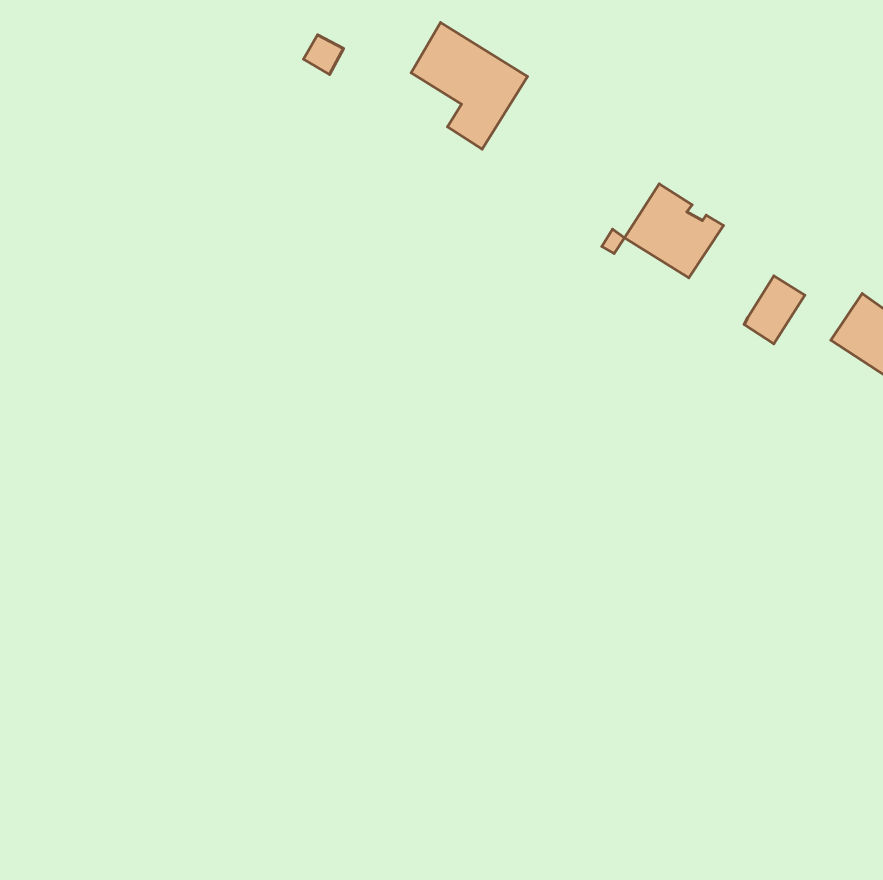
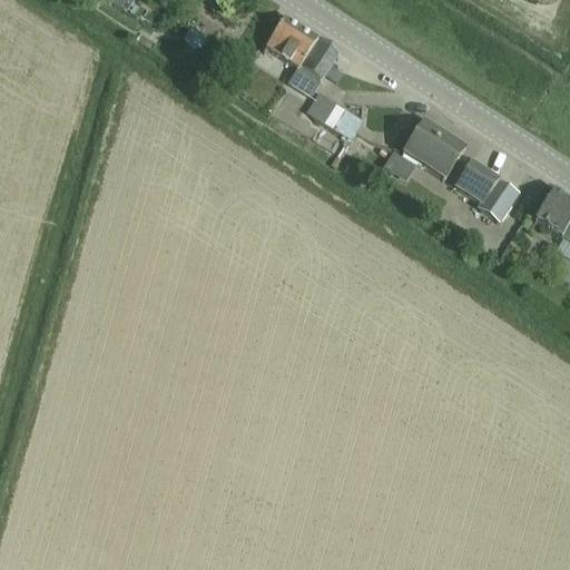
building: none -> [307,92,363,139]
building: none -> [455,159,499,204]

